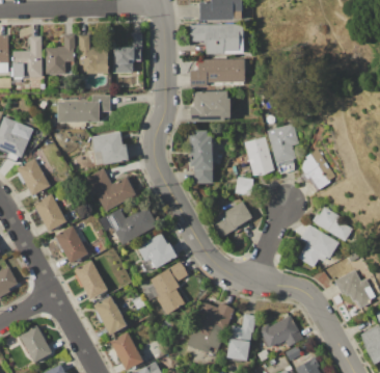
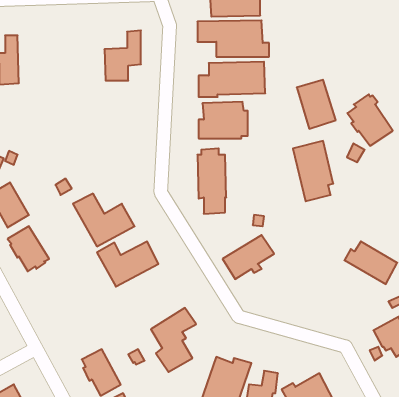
building: [79,34,108,74] -> none
building: [45,35,75,74] -> none
building: [57,95,110,123] -> none
building: [91,132,129,165] -> none
building: [242,137,274,178] -> [297,80,336,129]
building: [299,149,336,191] -> [347,94,393,146]
building: [297,224,338,268] -> none
building: [53,225,88,264] -> none
building: [136,233,177,269] -> none
building: [74,260,108,299] -> none

